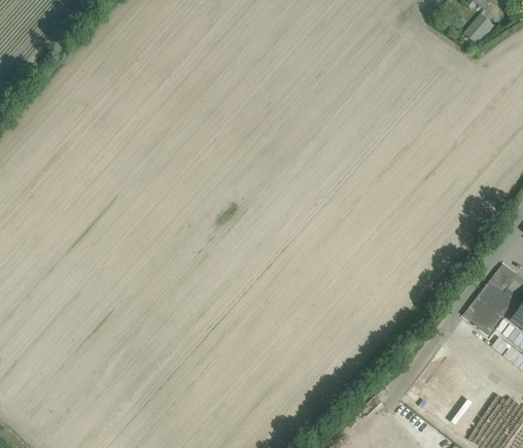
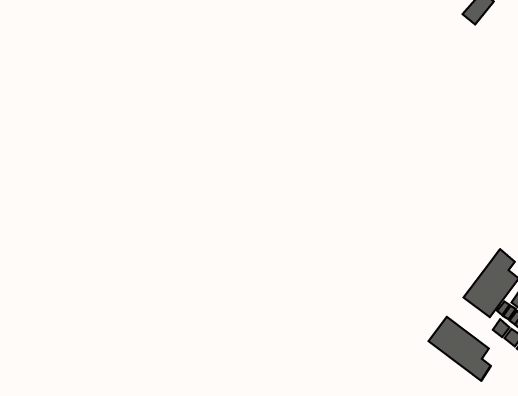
building: none -> [428,317,491,381]

